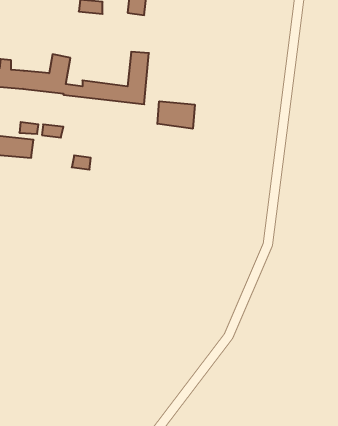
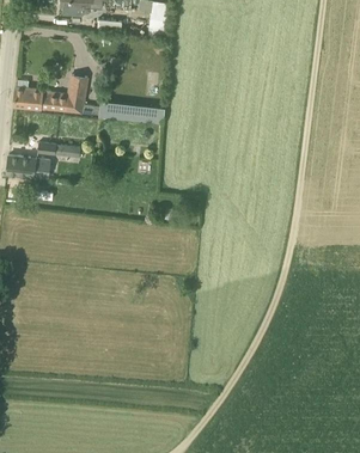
building: [157,101,195,129] -> none

